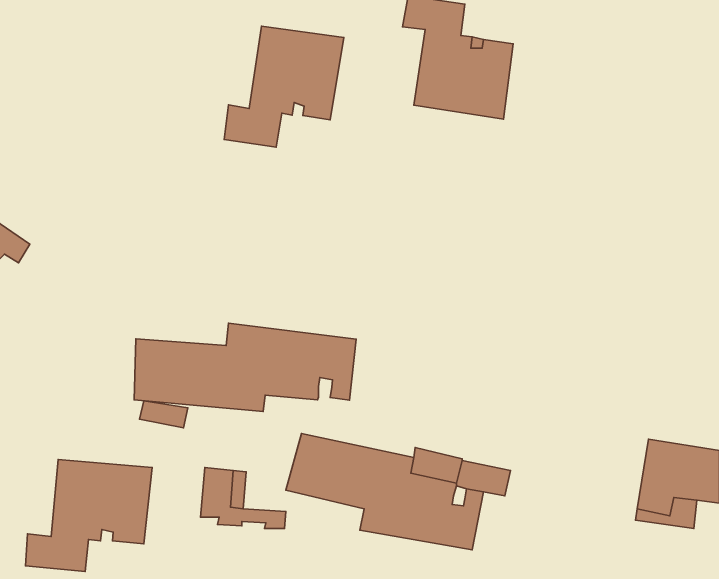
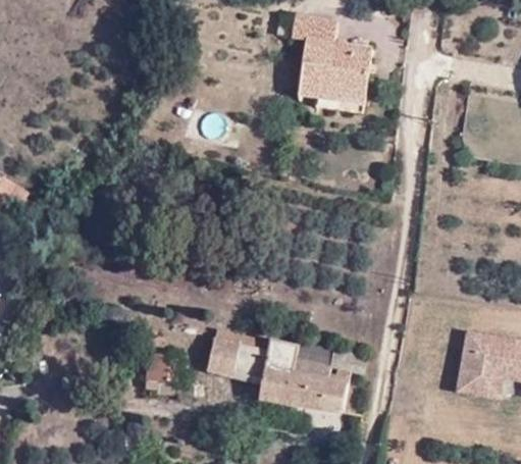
building: [224,26,344,147] -> none
building: [134,323,356,412] -> none
building: [26,460,152,571] -> none

